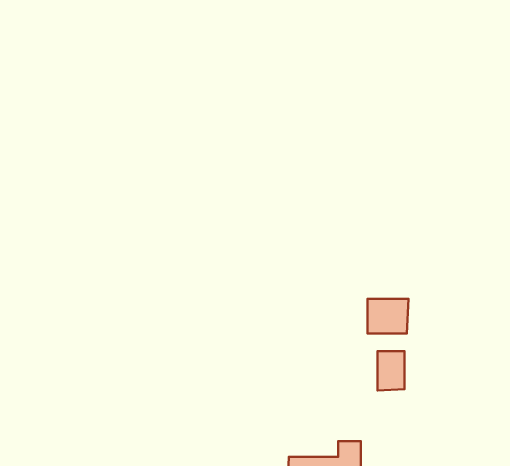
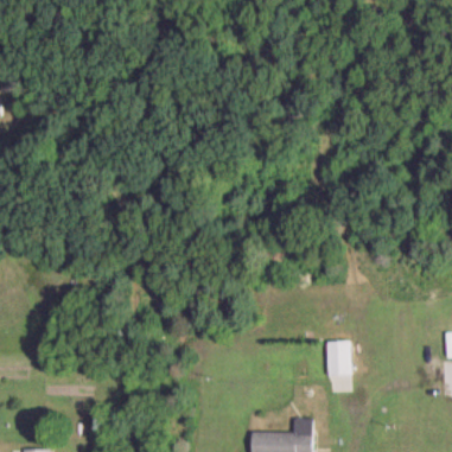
building: [367,299,408,333] -> none

